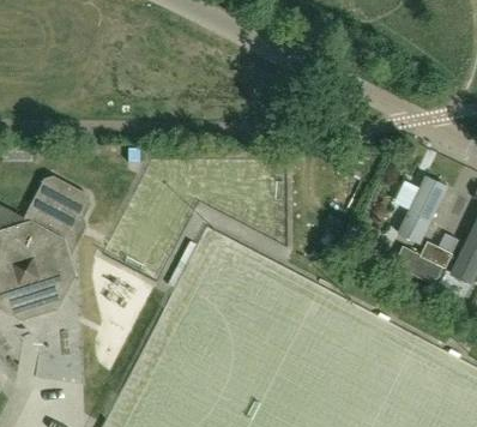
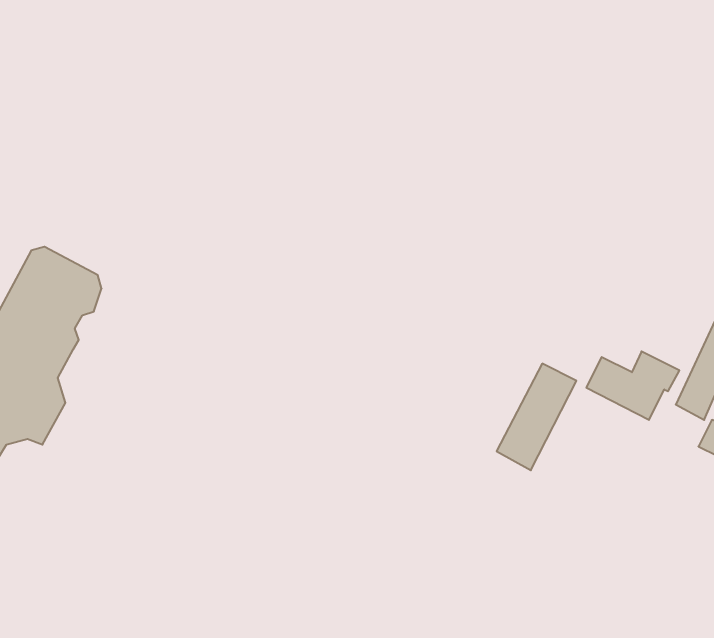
building: [397,176,447,243] -> [497,364,576,470]

